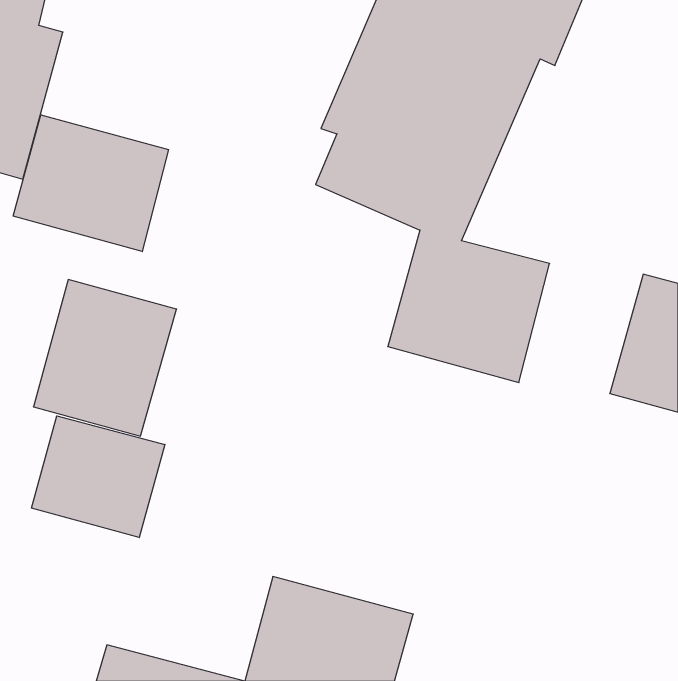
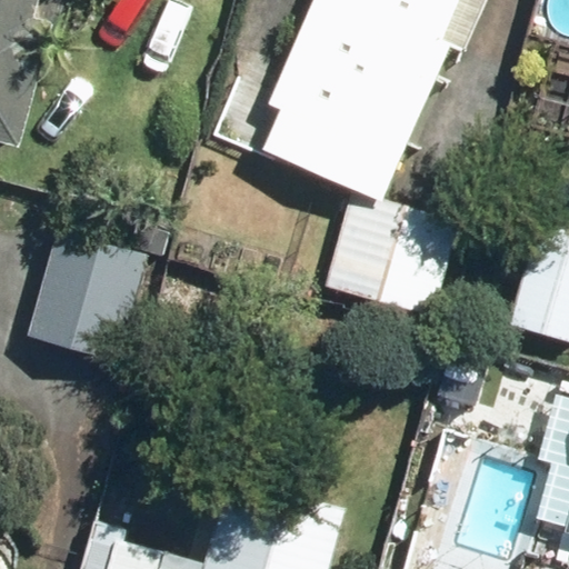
building: [13,115,168,252] -> none
building: [32,416,165,538] -> none

